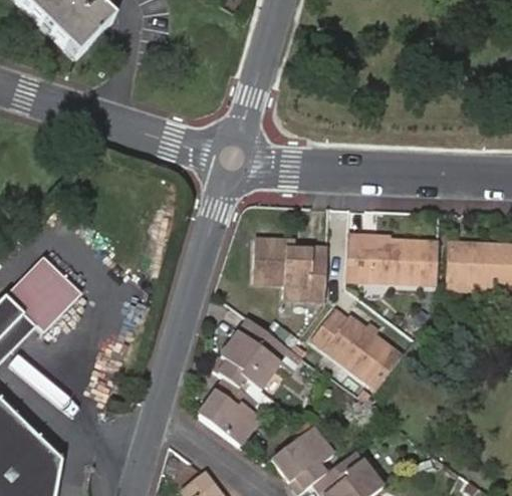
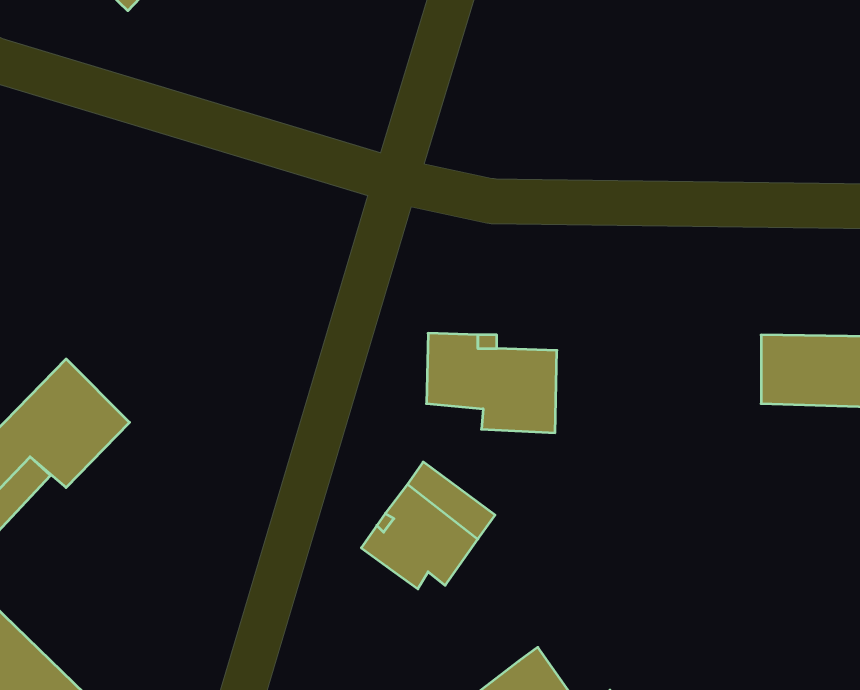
building: [347,242,428,286] -> none
building: [317,314,400,383] -> none
building: [202,379,264,445] -> none

